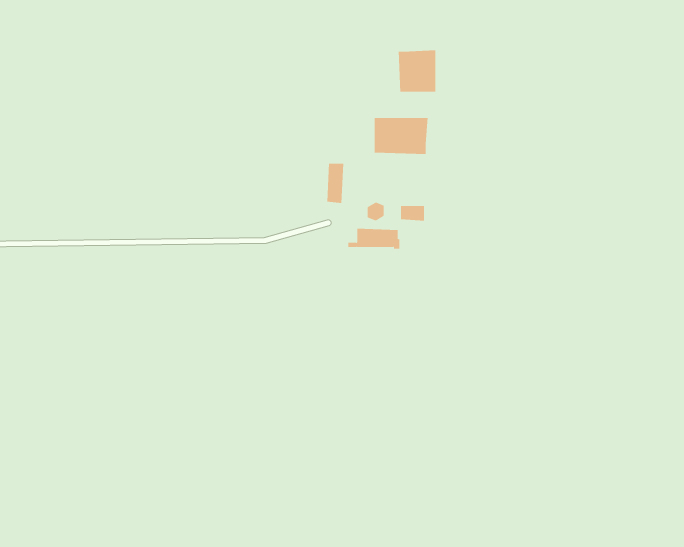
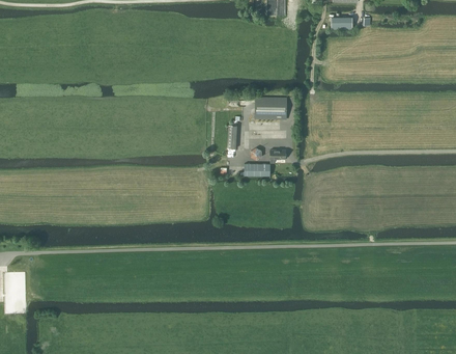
building: [398,50,436,93] -> none

